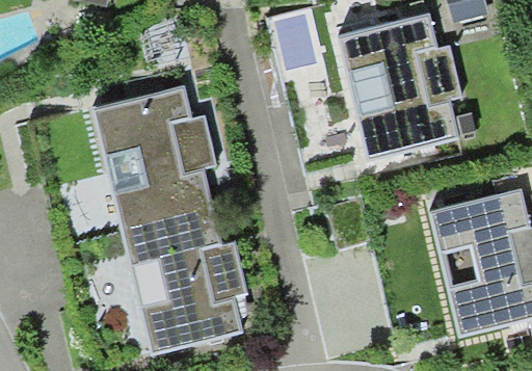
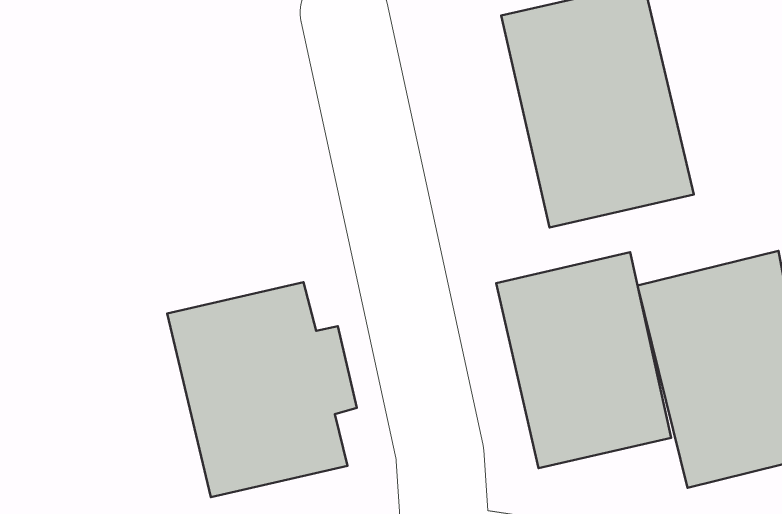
building: [88,81,215,228] -> none
building: none -> [496,252,671,468]

